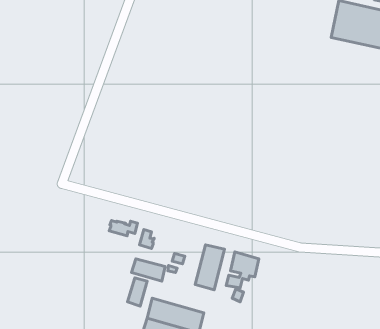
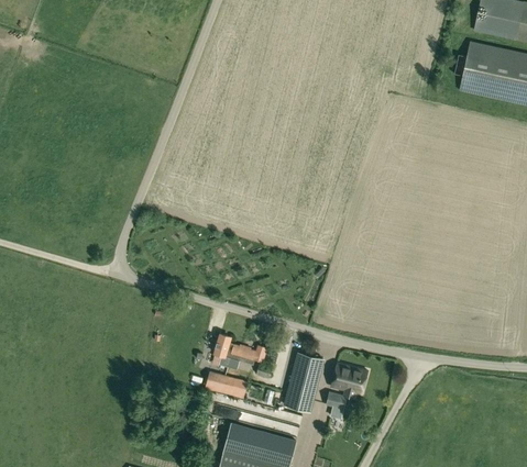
building: [109,220,137,236] -> [229,344,265,364]
building: [128,278,147,306] -> none

